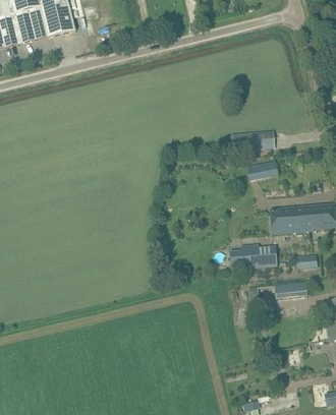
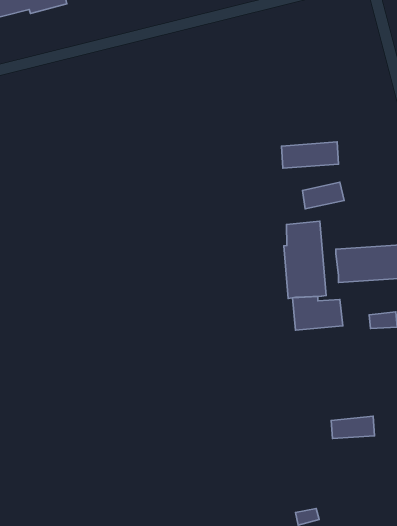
building: none -> [284,221,326,298]
building: [275,281,306,297] -> [331,416,374,438]

